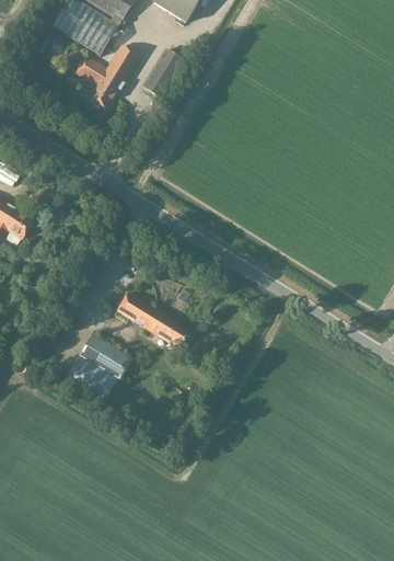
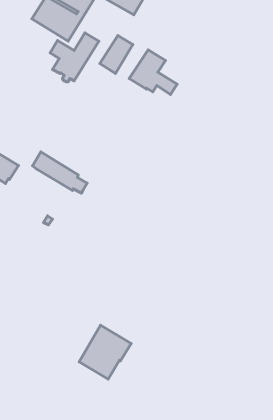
building: none -> [129,50,177,94]
building: [118,290,190,345] -> [33,152,87,193]
building: [65,332,134,403] -> [79,325,131,379]

